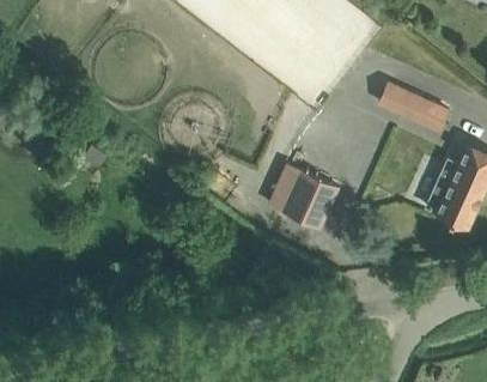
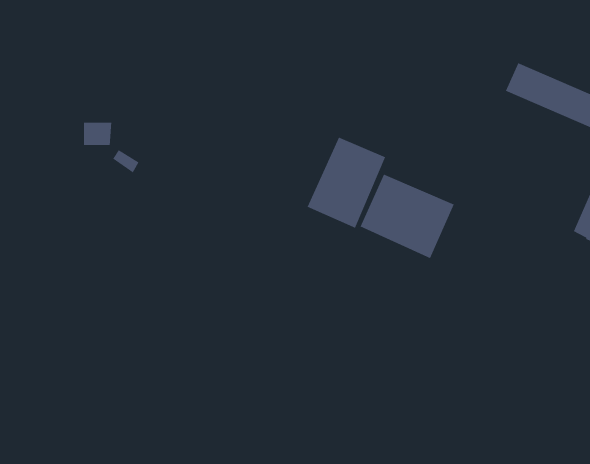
building: none -> [307,137,386,229]

